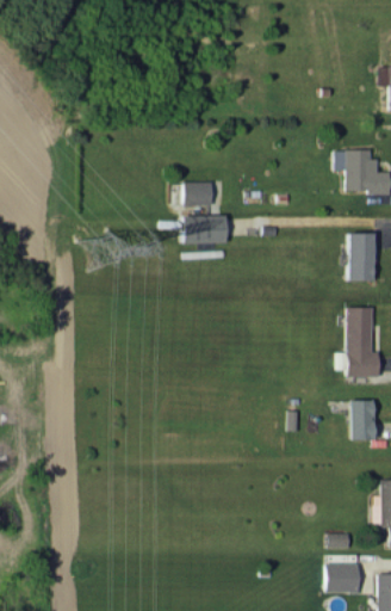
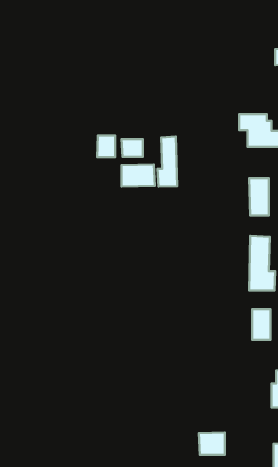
building: none -> [97,135,115,157]
building: none -> [157,137,177,186]
building: [327,563,360,592] -> [199,432,225,455]

